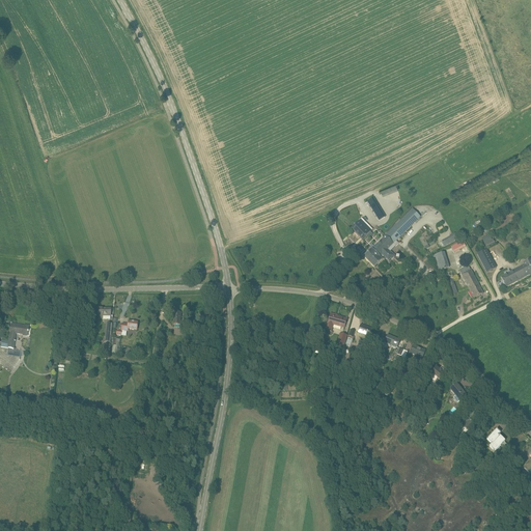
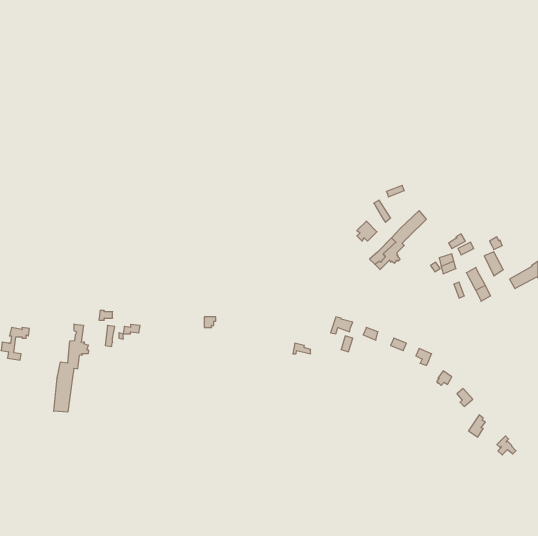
building: none -> [54,324,89,412]

